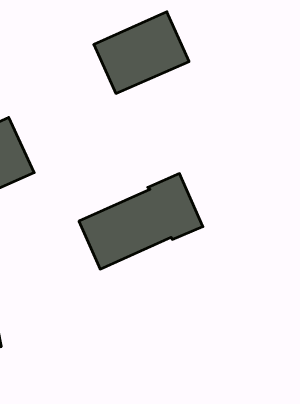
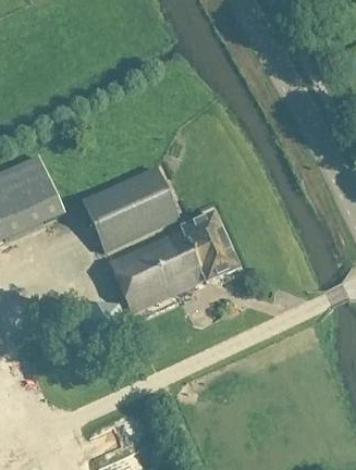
building: [94,12,189,93] -> [82,168,180,251]

